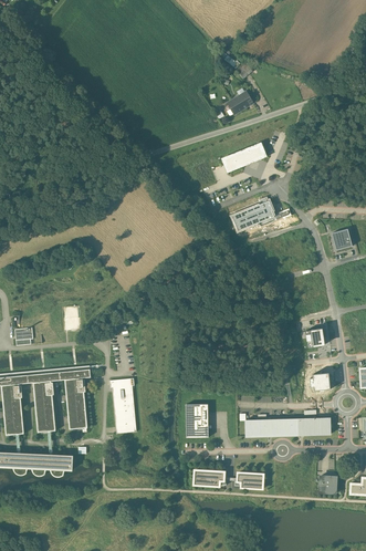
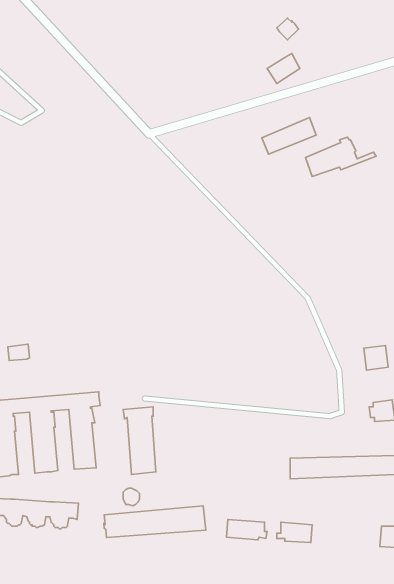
building: [232,198,290,230] -> [306,137,376,177]
building: [186,403,209,437] -> none
building: none -> [104,506,206,538]

